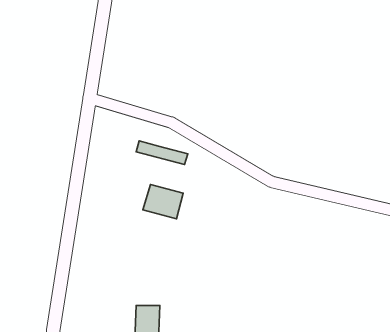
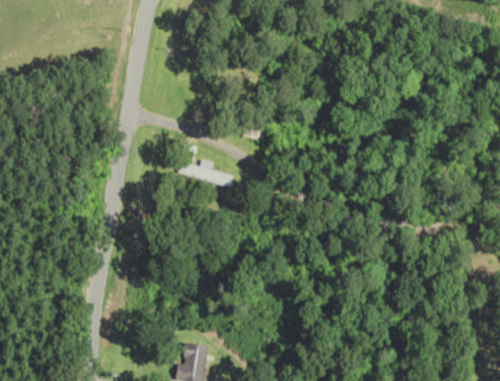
building: [143,185,183,219] -> none

